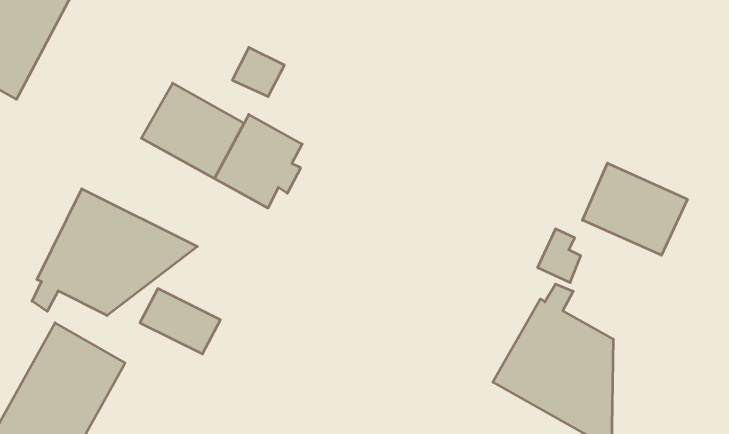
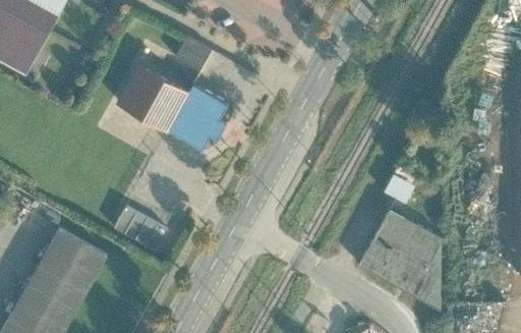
building: [582,163,687,255] -> none
building: [32,189,197,316] -> none

